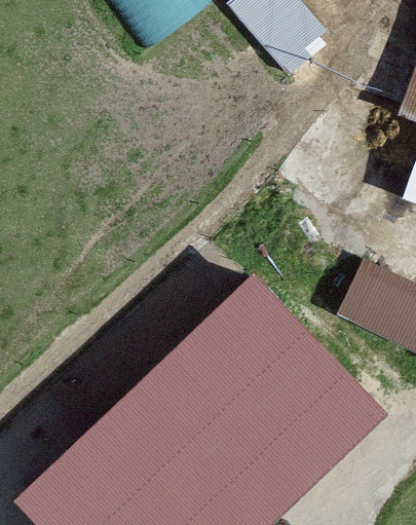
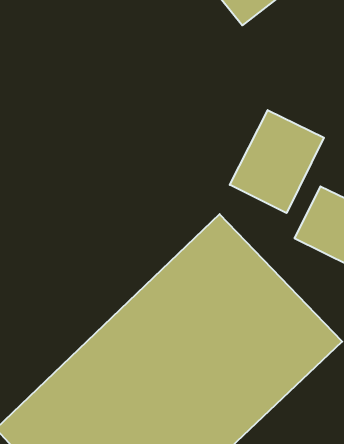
building: none -> [230,110,324,213]

